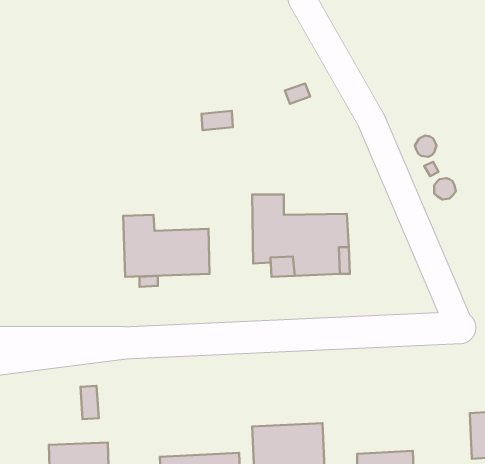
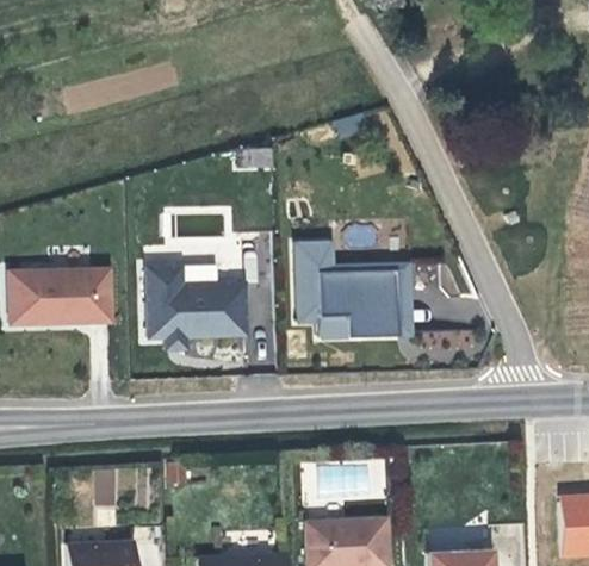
building: none -> [12,270,113,326]

